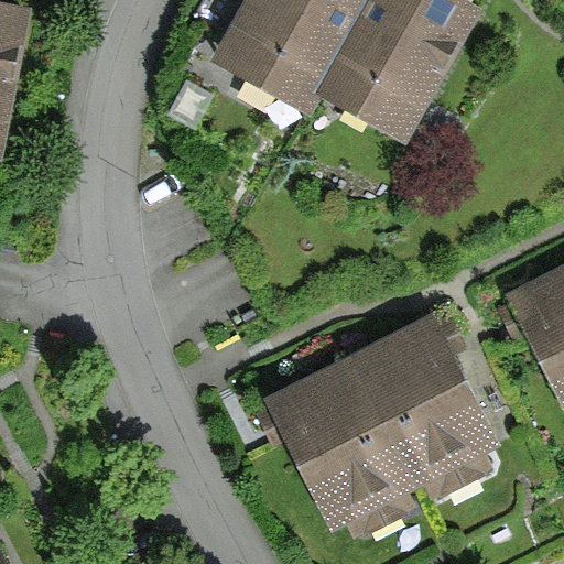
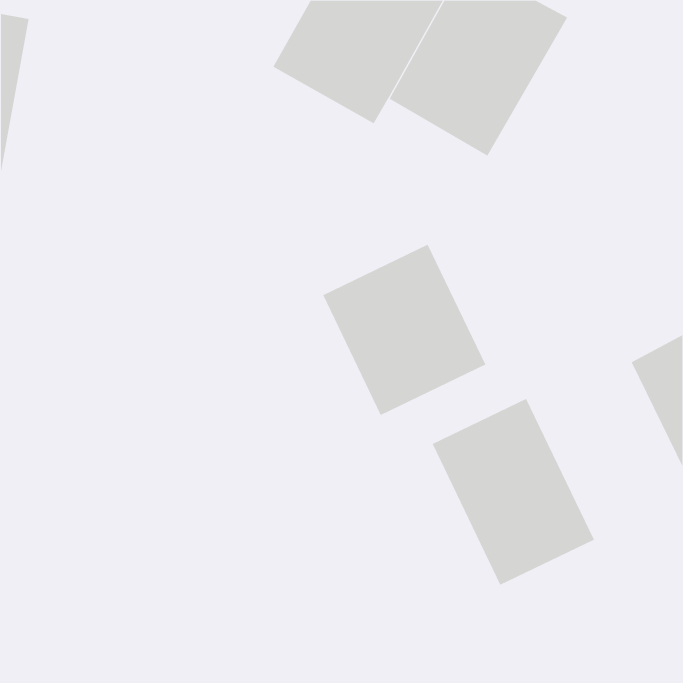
building: none -> [322,244,486,416]
building: [278,366,412,520] -> none

